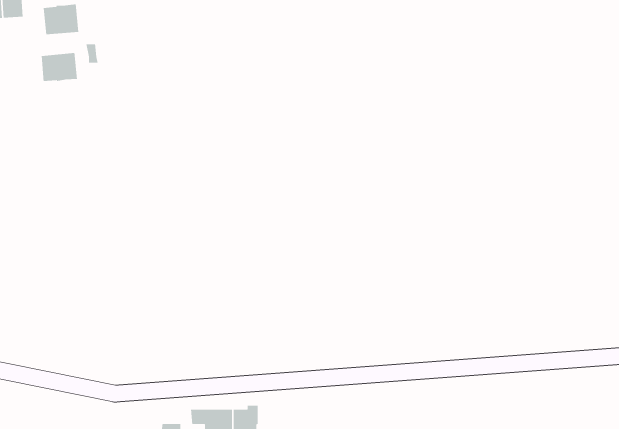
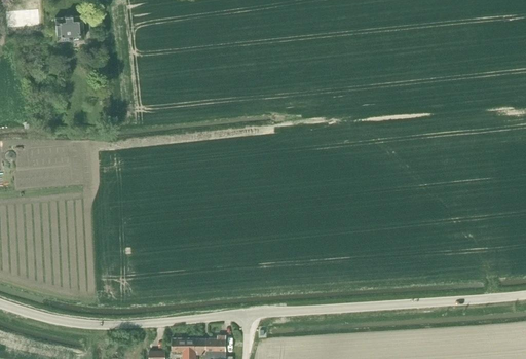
building: [41,52,77,82] -> none

